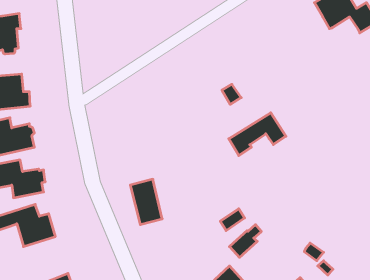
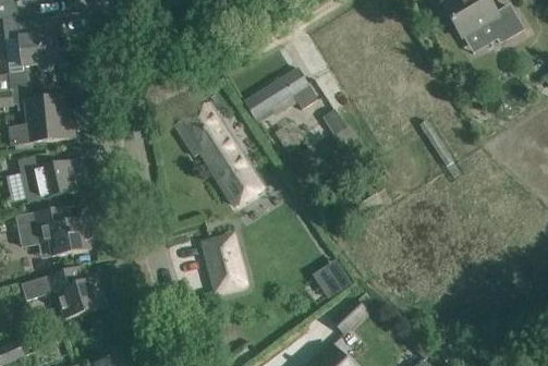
building: none -> [173,101,265,207]
building: [229,113,286,156] -> [243,69,317,124]

